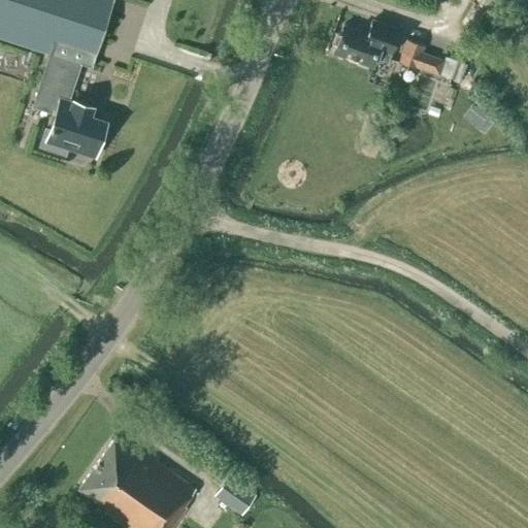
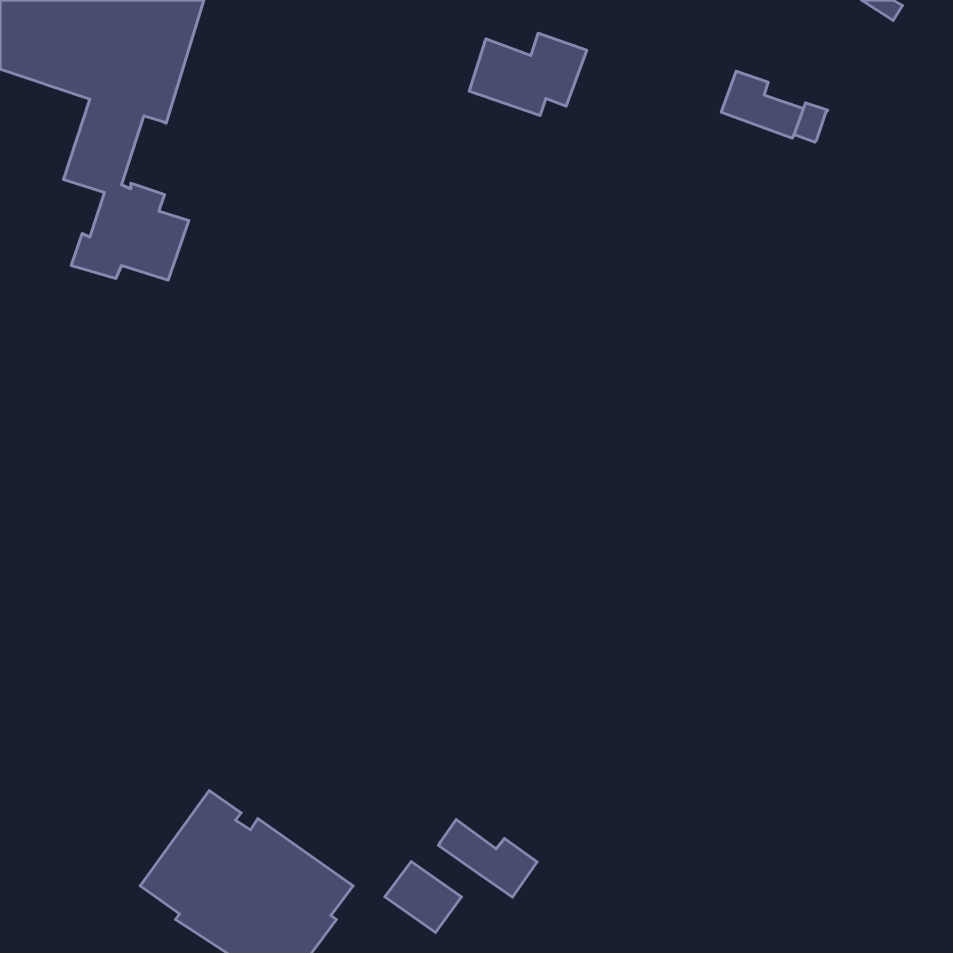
building: [334,23,399,68] -> [469,33,587,115]
building: none -> [439,819,537,897]

